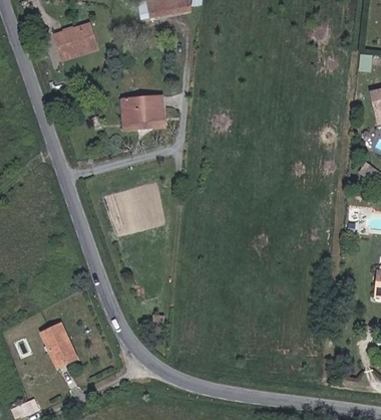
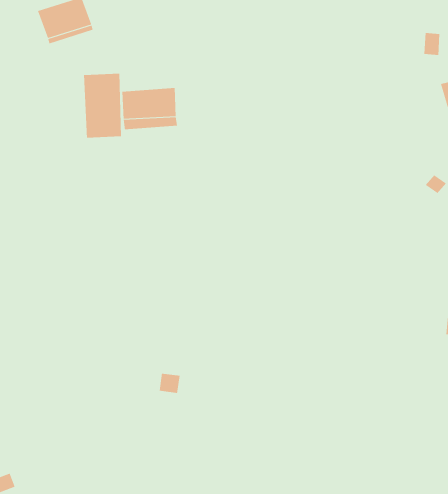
building: none -> [84,73,121,138]
building: [41,323,74,367] -> none

